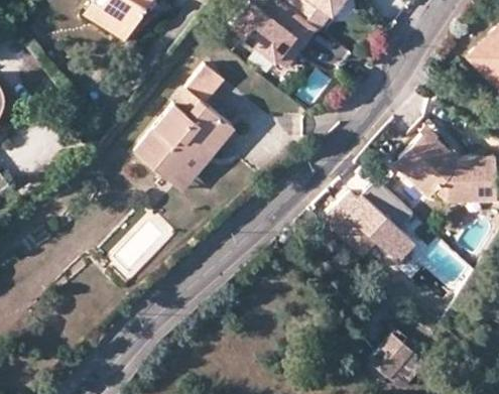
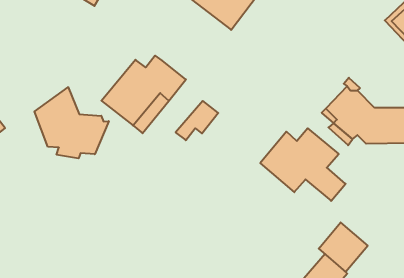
building: [174,65,225,112] -> [176,101,218,140]
building: none -> [34,87,109,158]
building: none -> [319,222,368,272]

